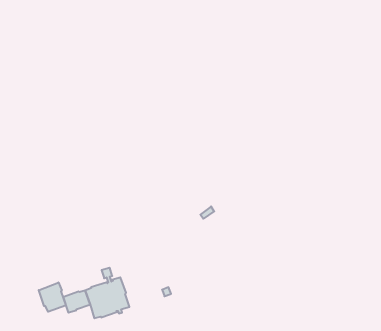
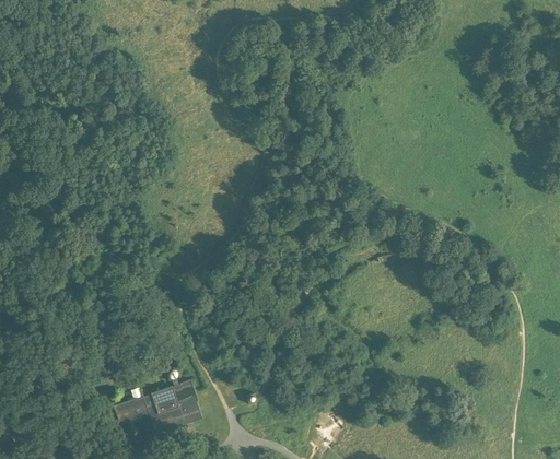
building: [39,282,66,312] -> none

